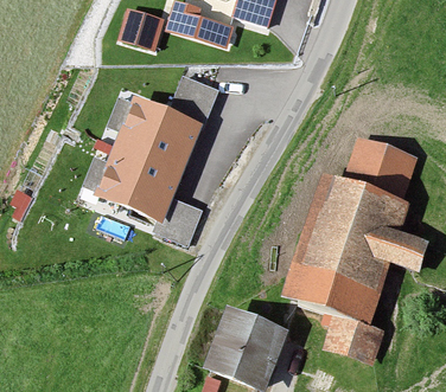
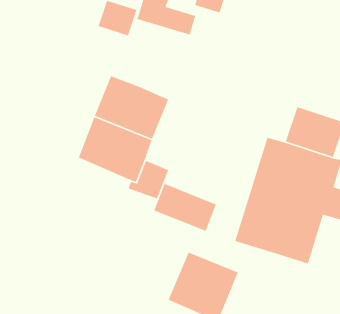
building: [168,75,218,124] -> none
building: none -> [153,183,217,232]
building: [319,309,387,367] -> none

